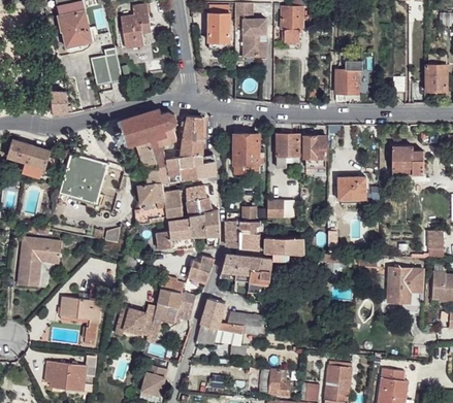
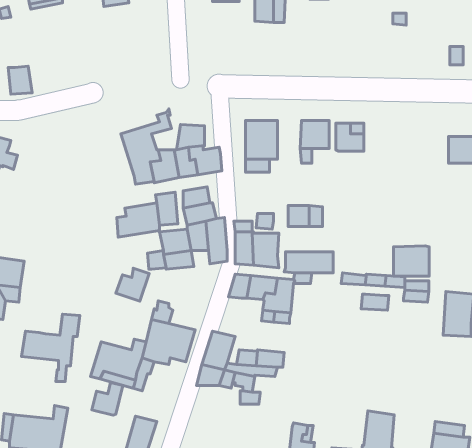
building: [91,47,121,85] -> none
building: [335,69,358,93] -> none
building: [112,108,176,147] -> none
building: [180,115,203,138] -> none
building: [59,153,107,202] -> none
building: [338,176,366,200] -> [393,246,429,276]
building: [138,181,165,202] -> none
building: [188,256,214,281] -> [116,268,149,301]
building: none -> [92,382,123,415]

